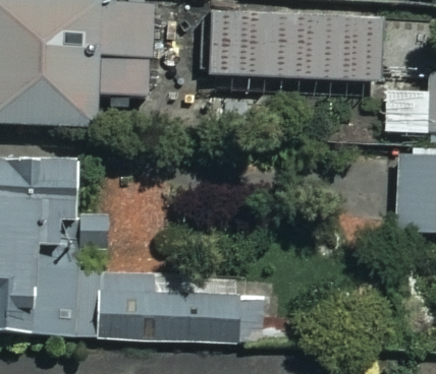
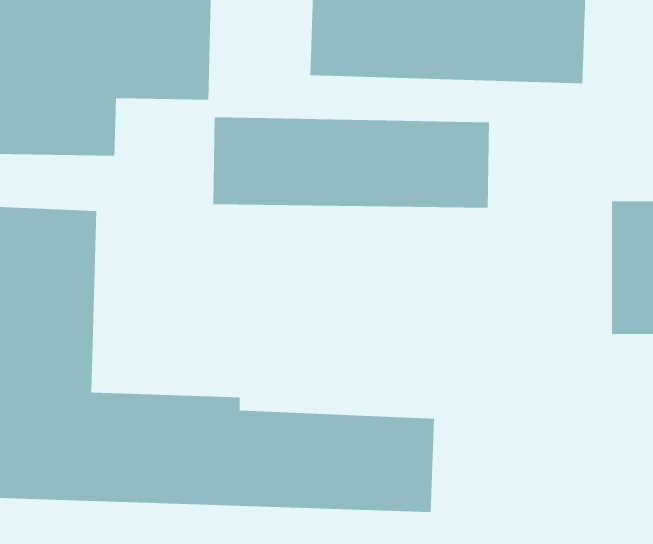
building: none -> [213,117,489,209]

